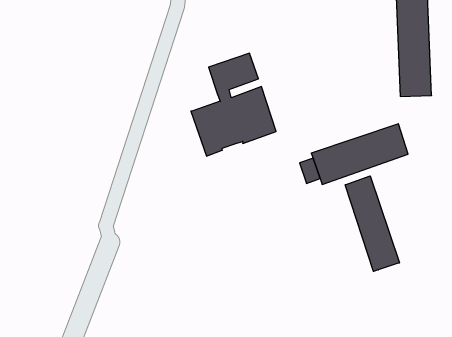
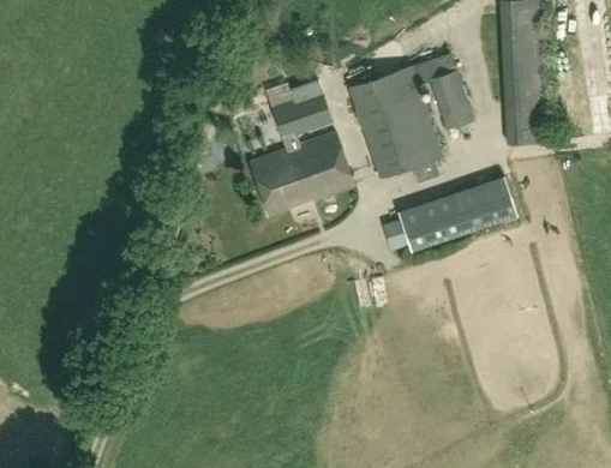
building: none -> [348,52,472,182]
building: [345,176,399,271] -> none

